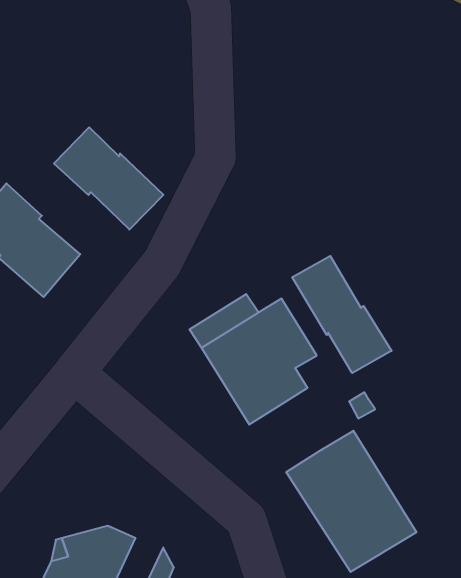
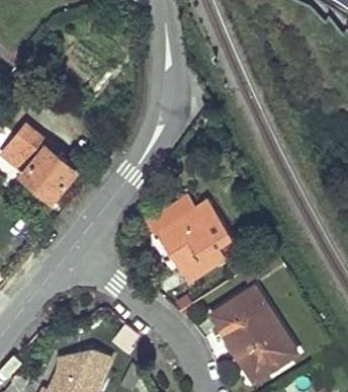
building: [54,127,163,230] -> none
building: [292,256,392,373] -> none

